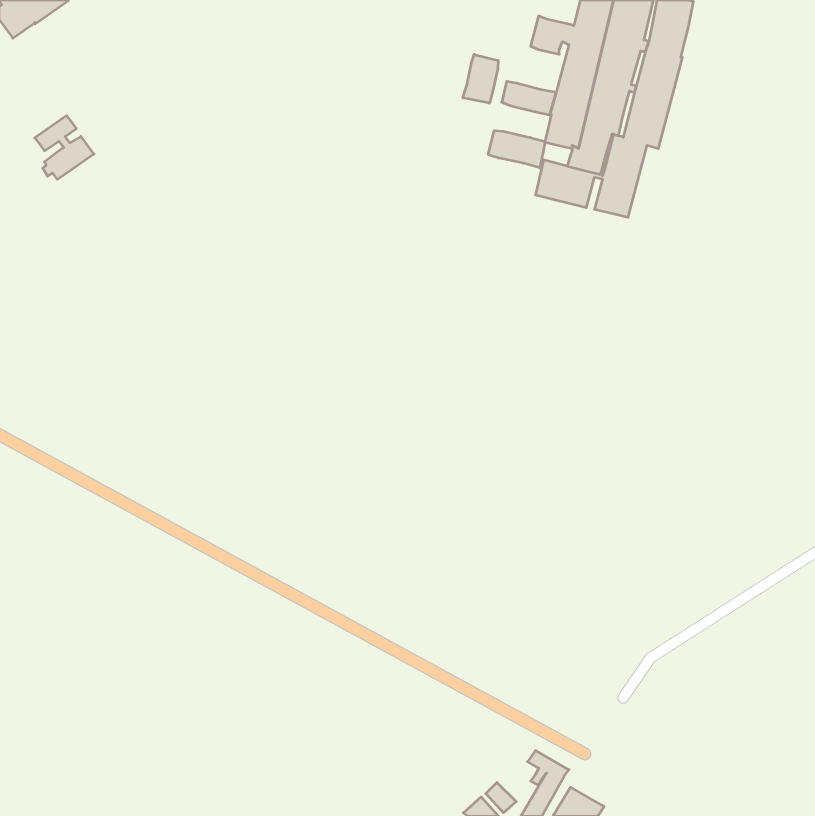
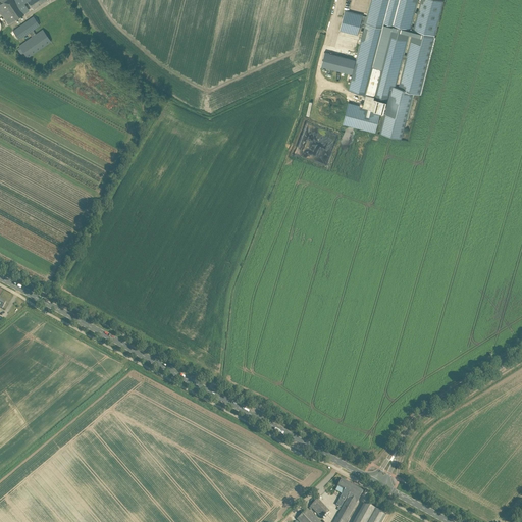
building: [463,54,498,103] -> none
building: [35,116,94,179] -> [12,16,50,57]
building: [488,131,545,168] -> none

